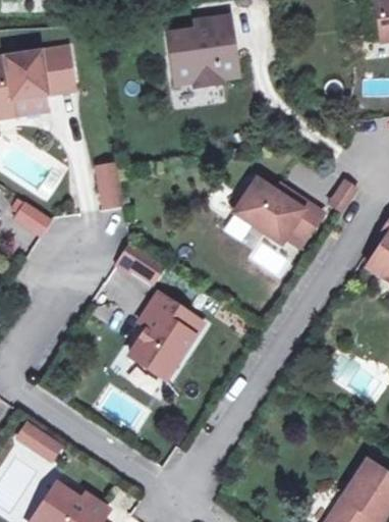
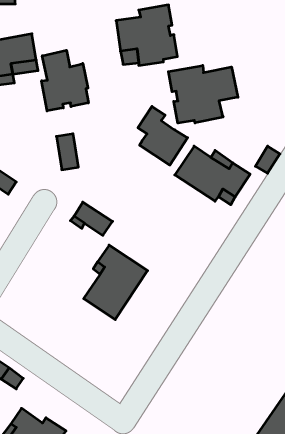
building: none -> [42,50,88,111]
building: none -> [168,65,238,123]
building: none -> [138,106,188,165]

